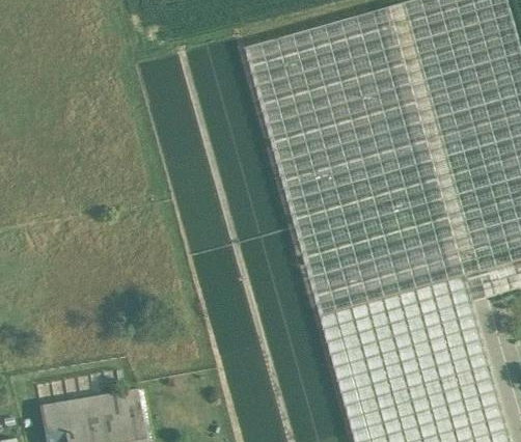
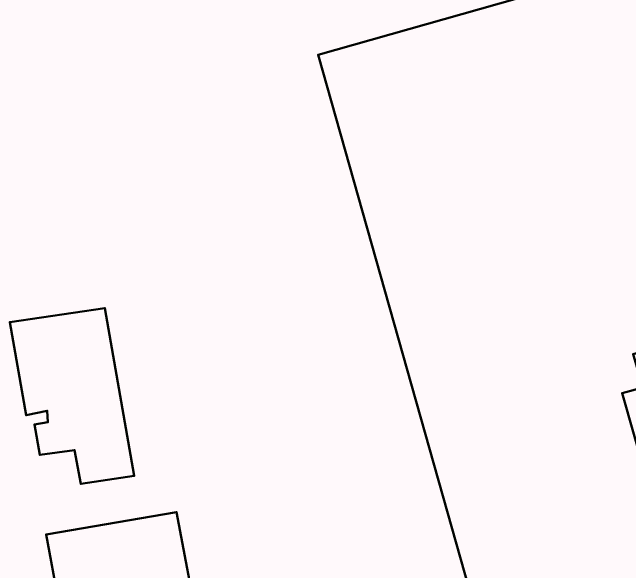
building: none -> [10,308,134,484]

